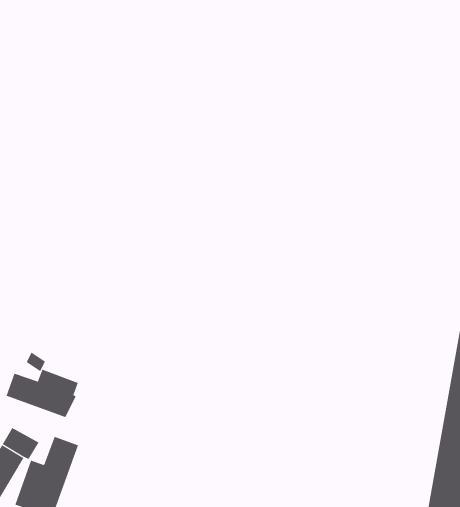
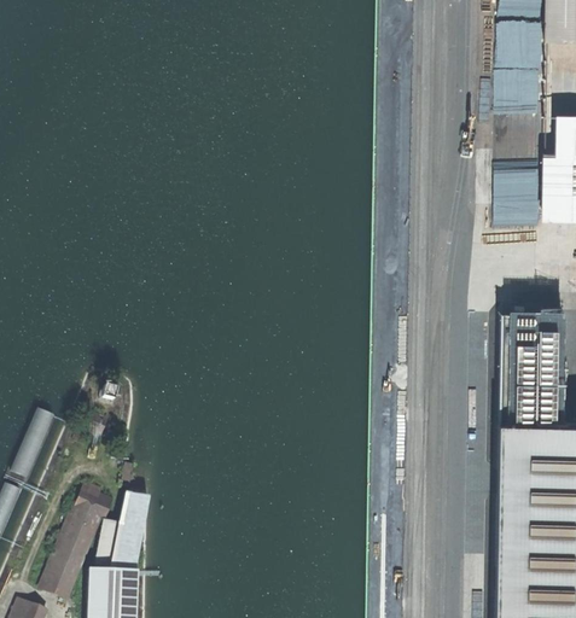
building: [6,369,79,418] -> none

